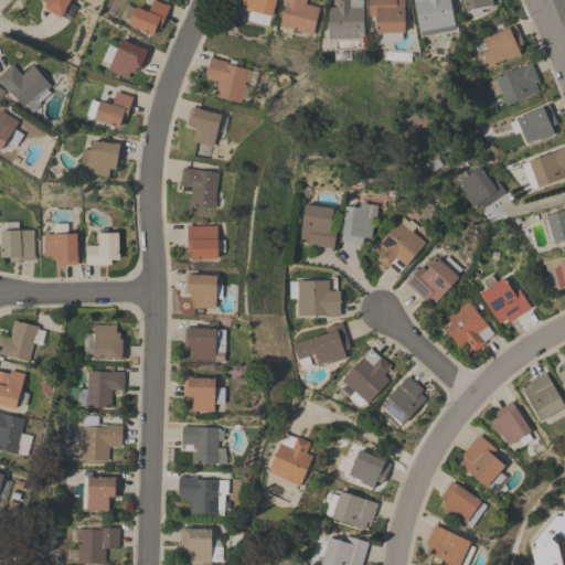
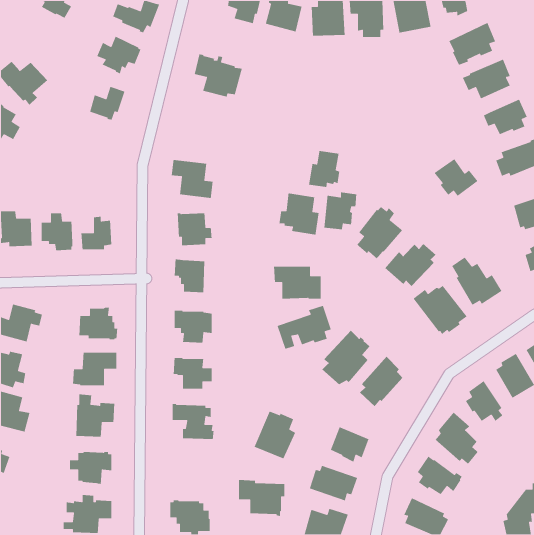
building: [186,106,226,146] -> none
building: [81,139,124,177] -> none
building: none -> [308,150,340,188]
building: [179,476,228,515] -> [238,479,285,517]

